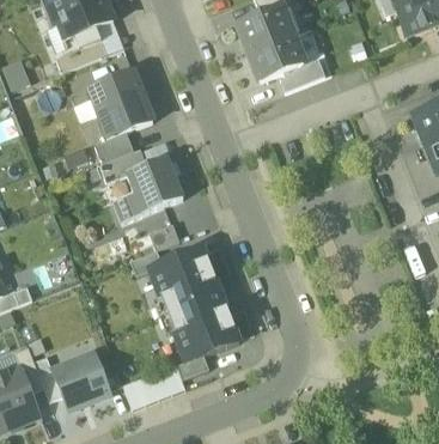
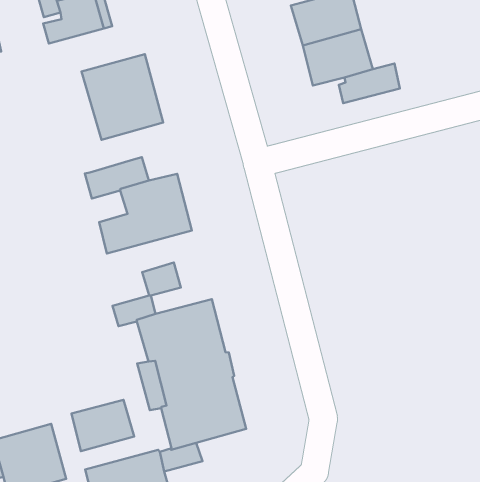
building: [94,130,134,163] -> none
building: none -> [71,400,134,451]

